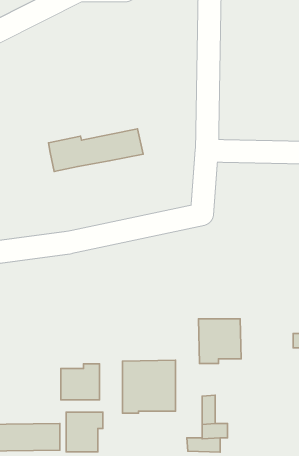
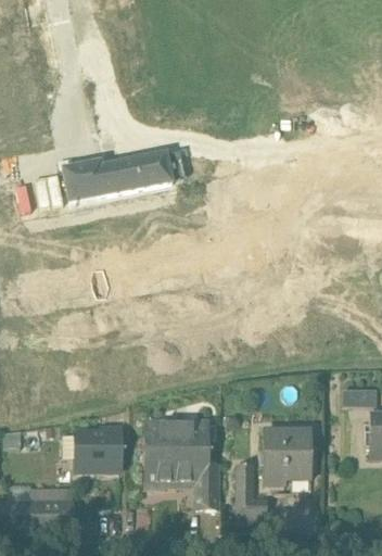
building: [199,319,241,363] -> [263,429,311,480]
building: none -> [196,462,220,501]
building: [66,412,103,452] -> none

